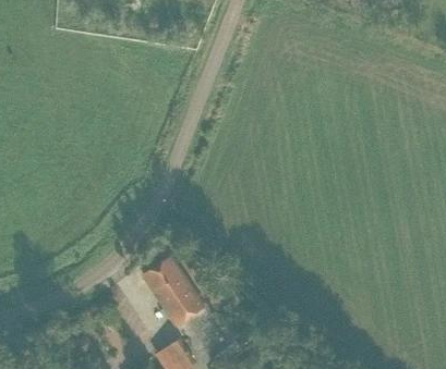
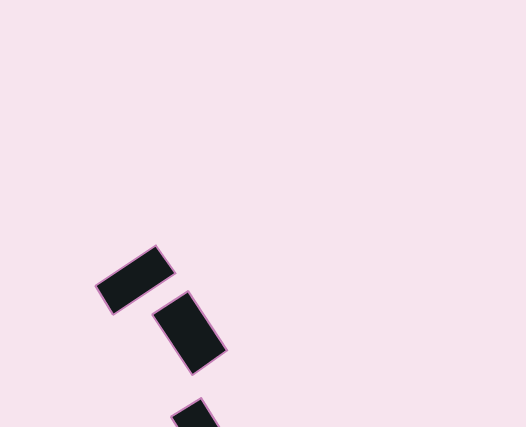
building: none -> [96,245,176,315]

